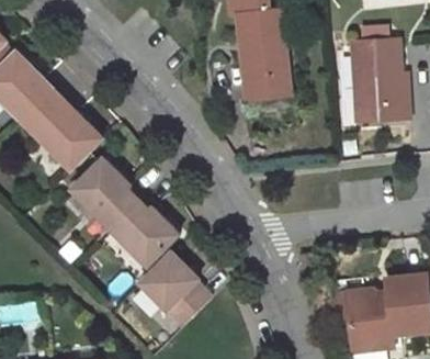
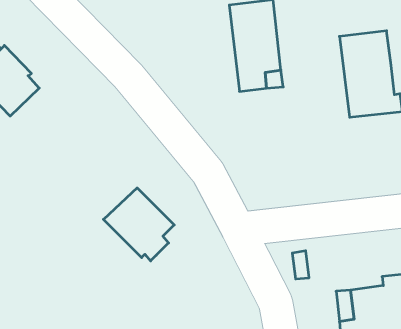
building: [23,96,92,160] -> none
building: [76,154,147,224] -> none
building: [146,247,216,319] -> none

